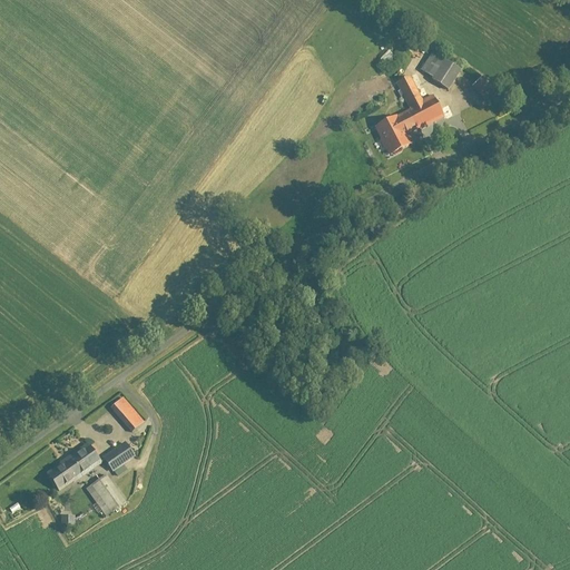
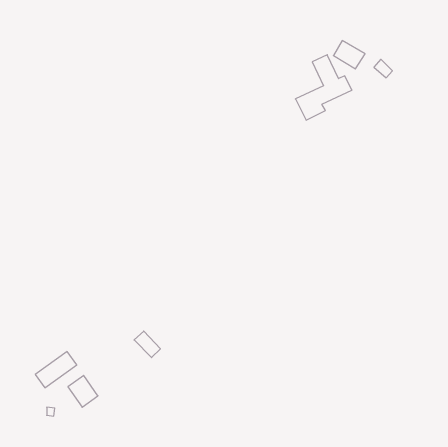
building: [108,396,141,430] -> [134,331,160,358]
building: [101,441,137,473] -> none

